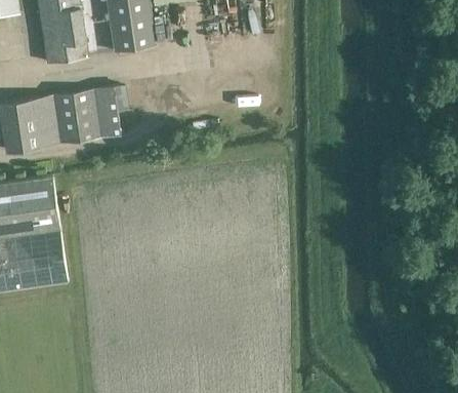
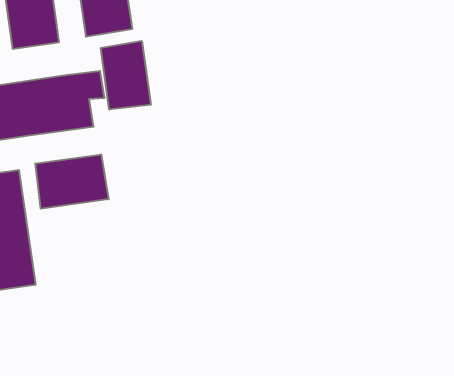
building: none -> [101,41,151,110]
building: none -> [35,154,109,209]

